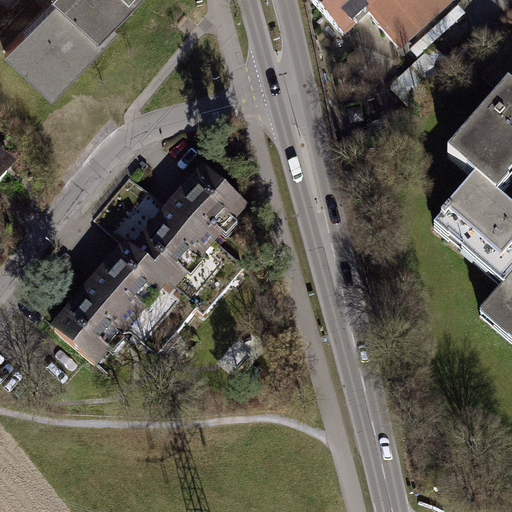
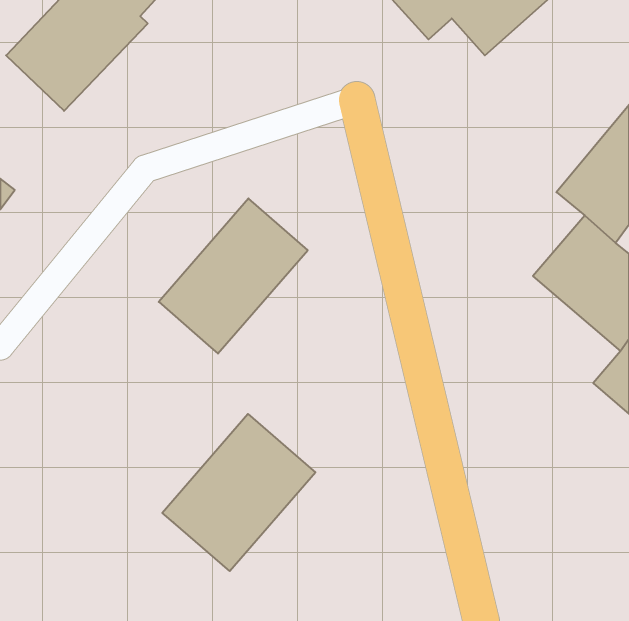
building: [52,241,169,363] -> none
building: none -> [162,414,315,571]

